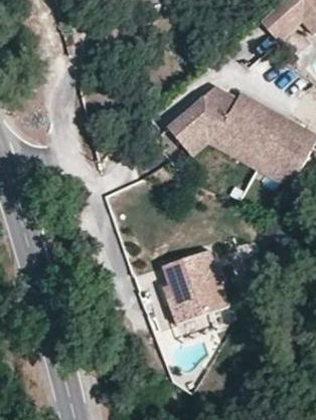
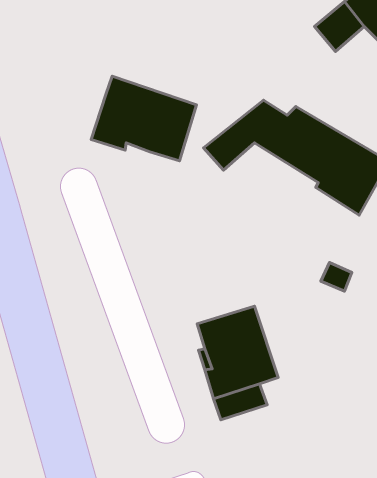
building: none -> [91,76,197,161]
building: [183,119,293,188] -> none

